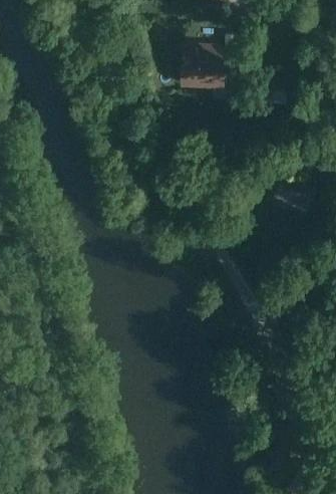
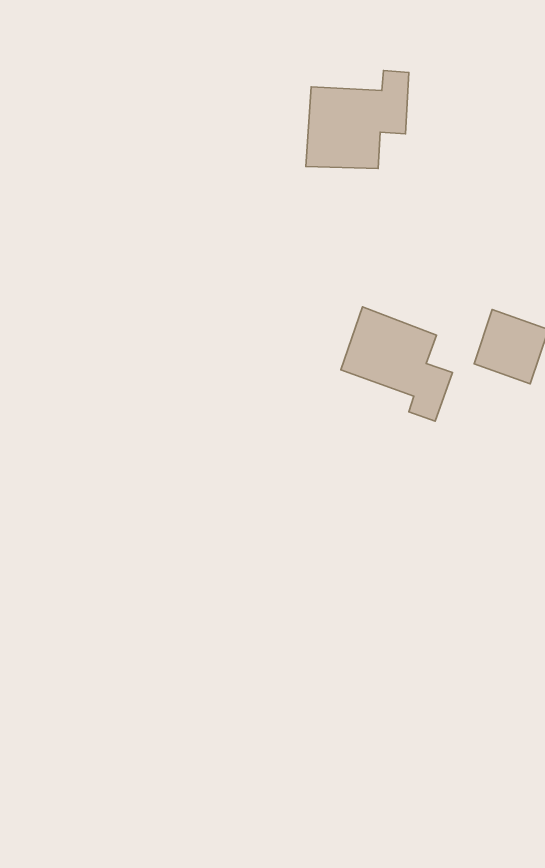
building: none -> [341,307,452,421]

